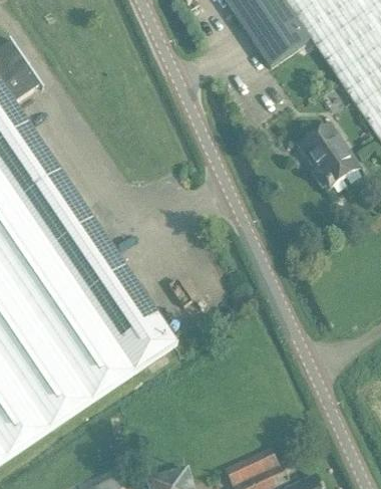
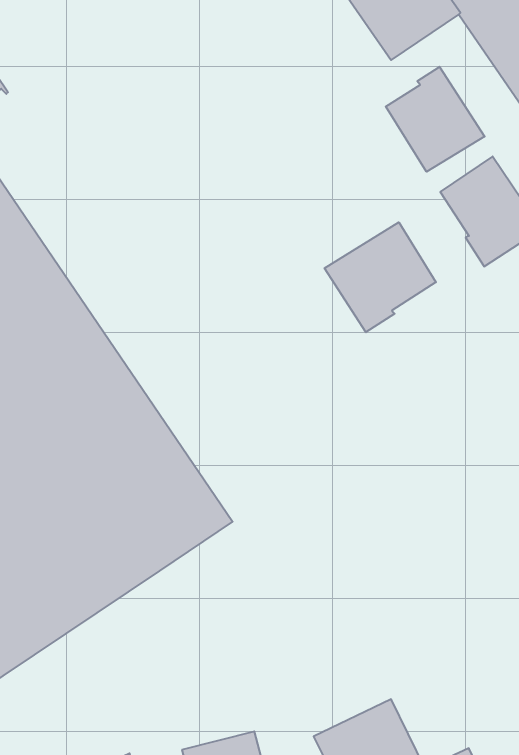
building: none -> [386,67,485,172]
building: none -> [325,222,436,332]

